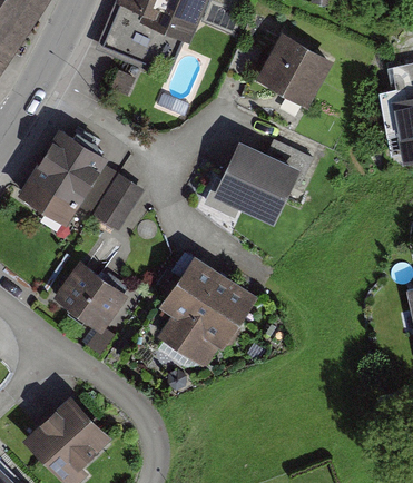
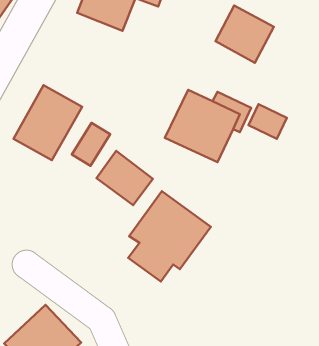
building: none -> [248,104,287,139]
building: [59,263,126,327] -> [96,151,153,205]

